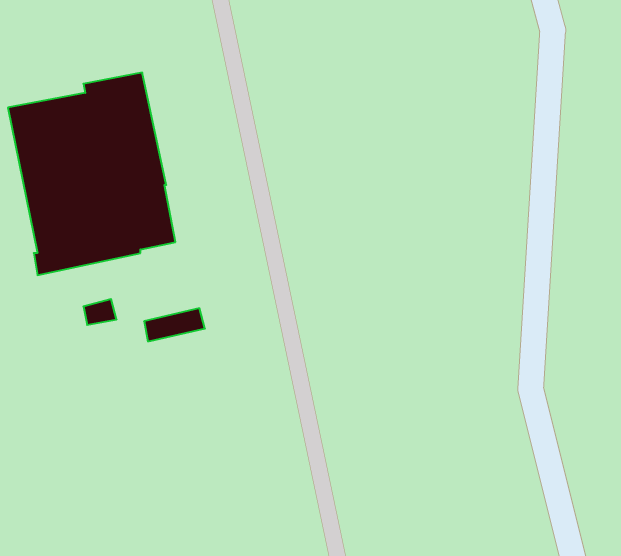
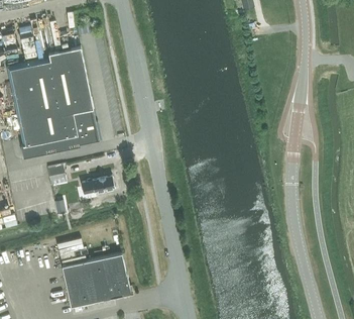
building: none -> [63,253,131,307]

